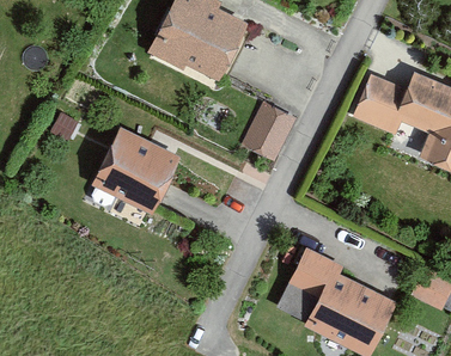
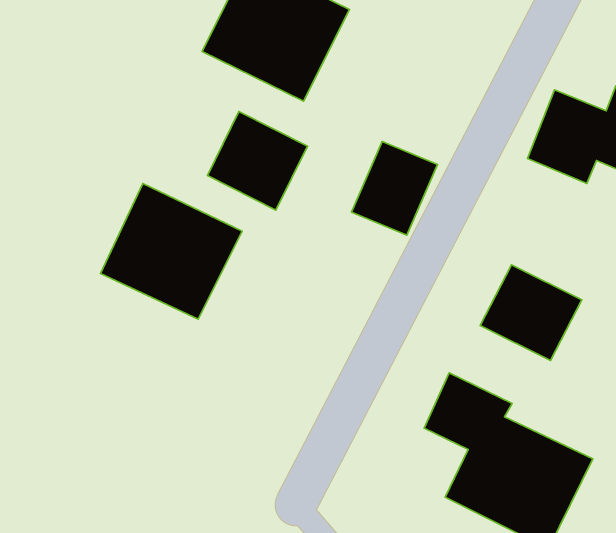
building: none -> [207,112,307,210]
building: none -> [480,265,582,361]

